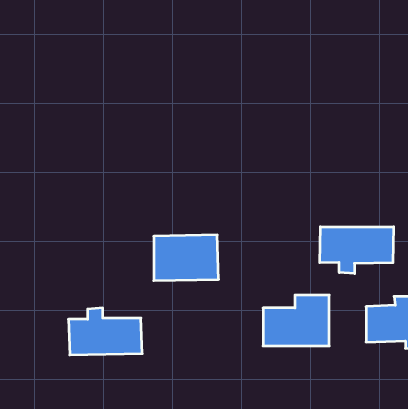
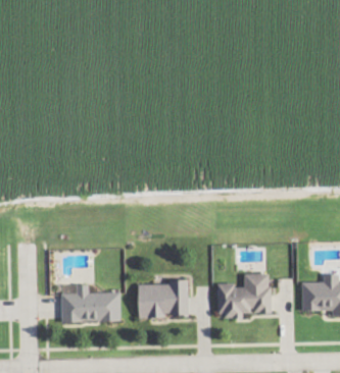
building: [320,227,394,274] -> none
building: [154,235,219,281] -> [137,281,189,318]

